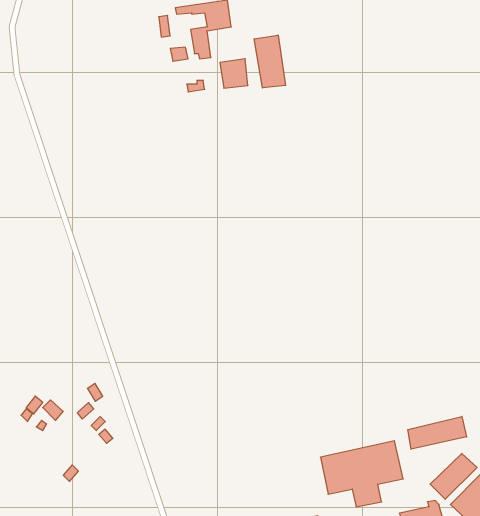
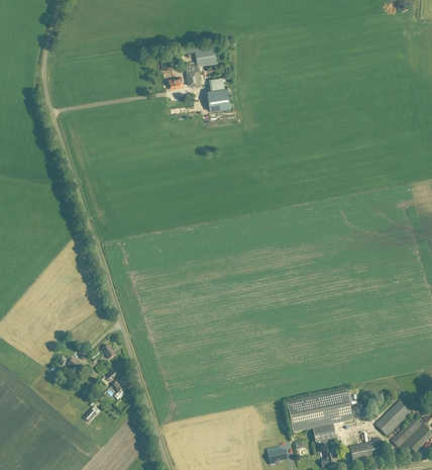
building: [254,35,286,88] -> none
building: [408,416,467,449] -> none

